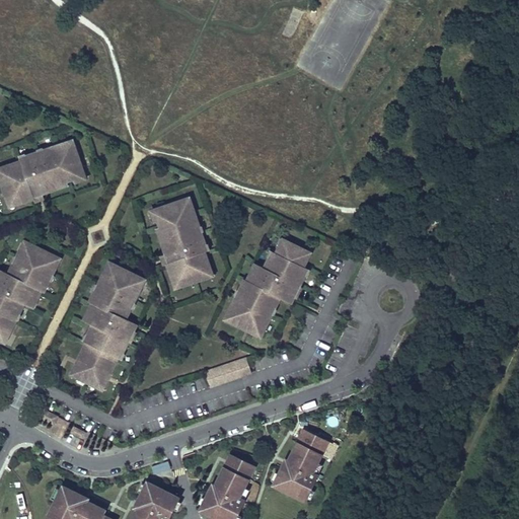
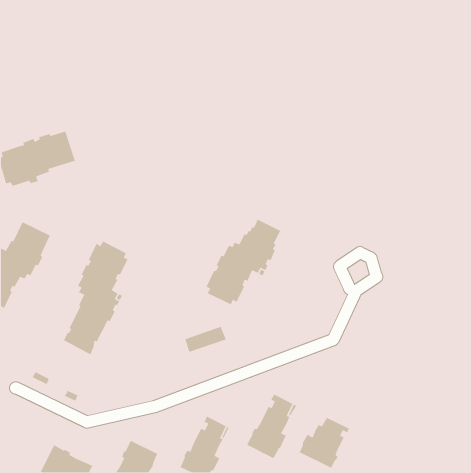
building: [153,199,210,287] -> none
building: none -> [299,417,350,469]

